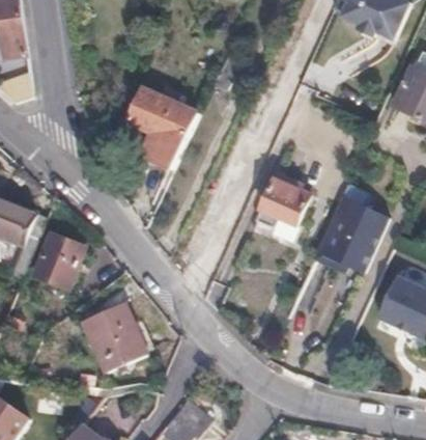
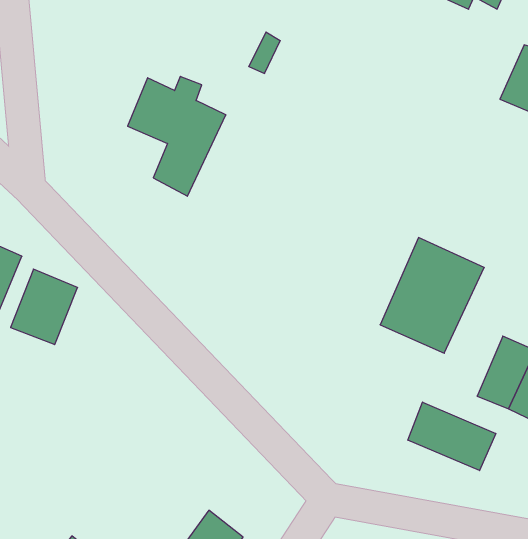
building: [254,172,310,229] -> none
building: [81,300,147,370] -> none
building: none -> [408,402,496,471]

